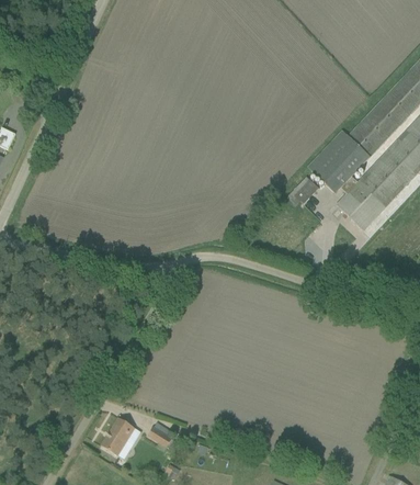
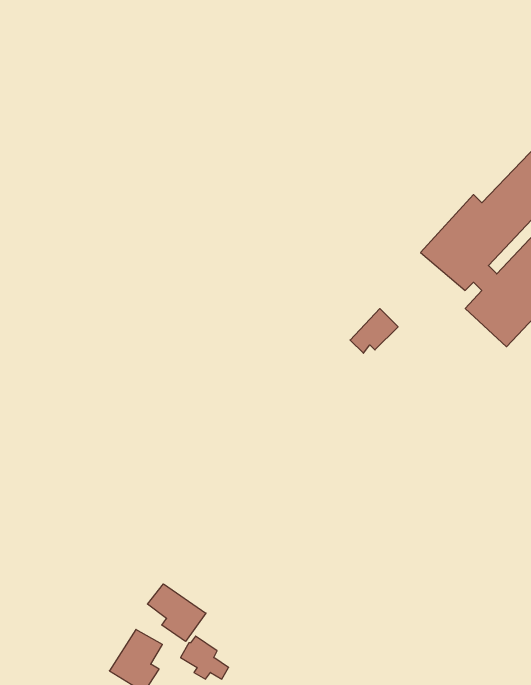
building: [286,177,318,206] -> [350,309,398,353]
building: none -> [147,584,206,641]

